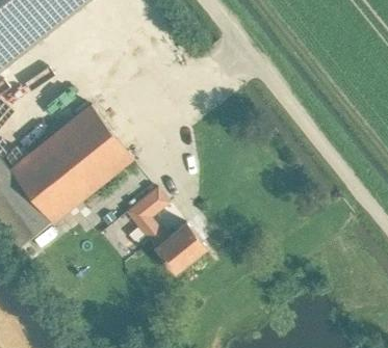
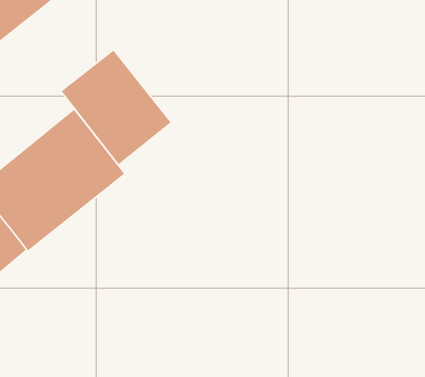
building: none -> [61,50,172,165]
building: [125,188,206,274] -> none

